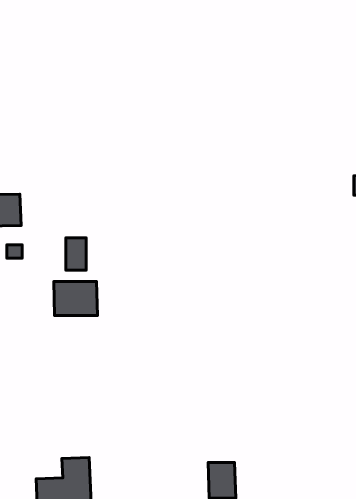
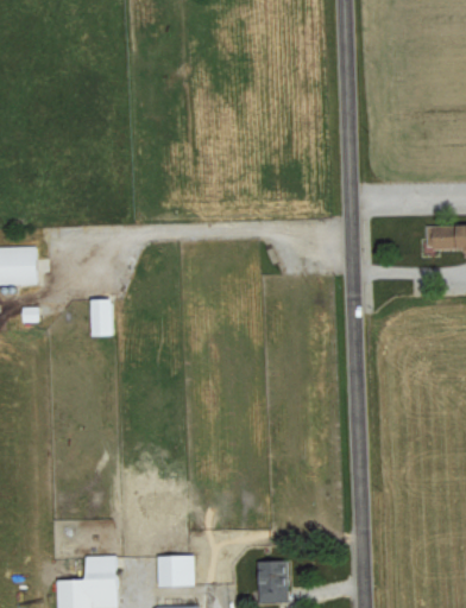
building: [54,281,97,315] -> none
building: none -> [158,555,195,587]

